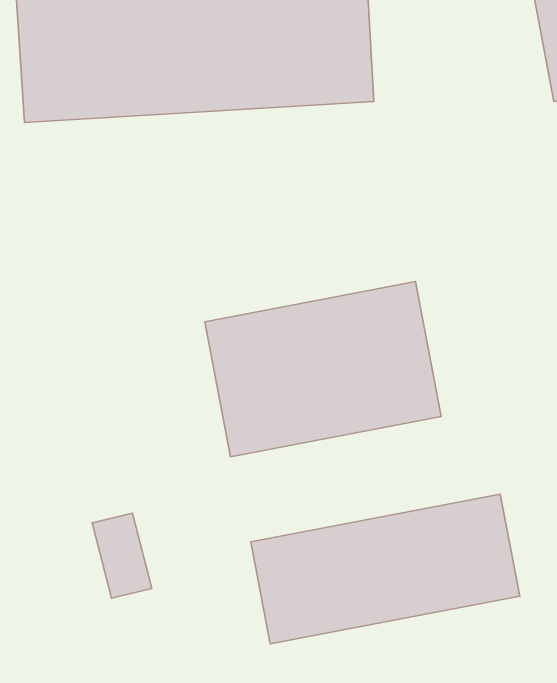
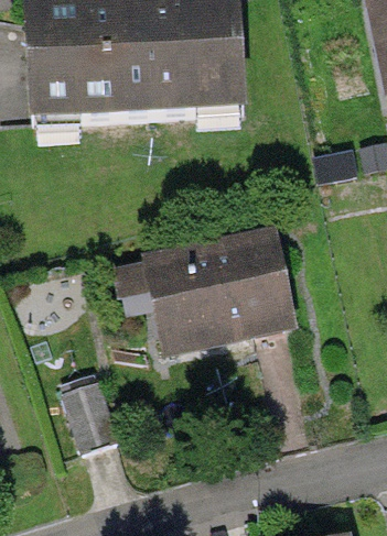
building: [251,494,520,644] -> none

